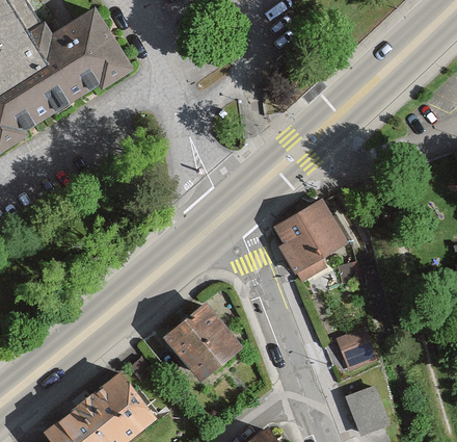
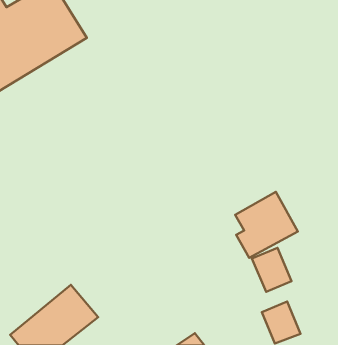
building: [273,201,347,279] -> [235,192,298,258]
building: [168,301,236,368] -> none

